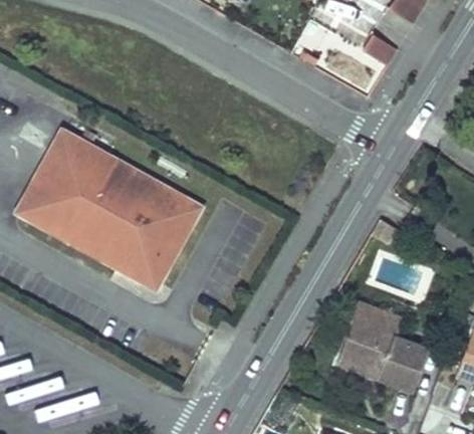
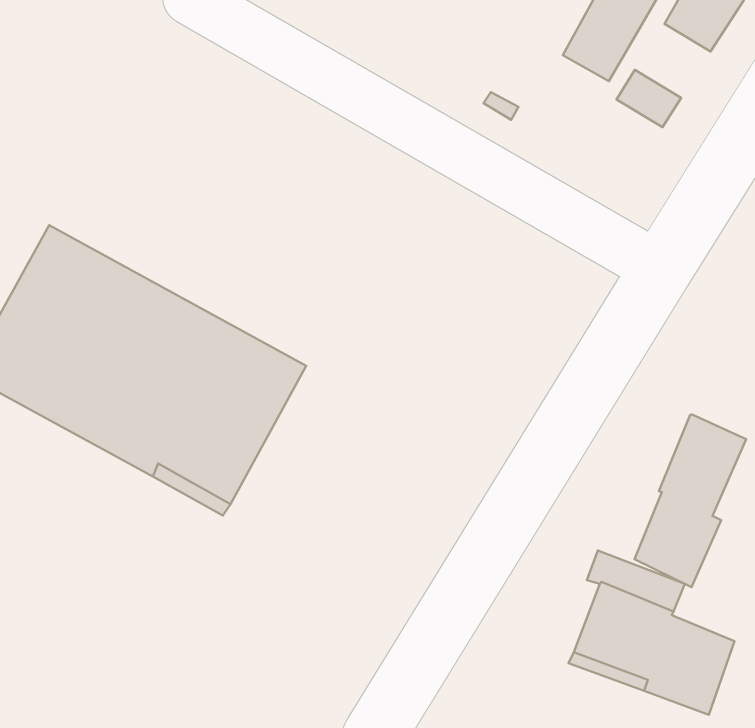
building: none -> [635,415,746,587]

